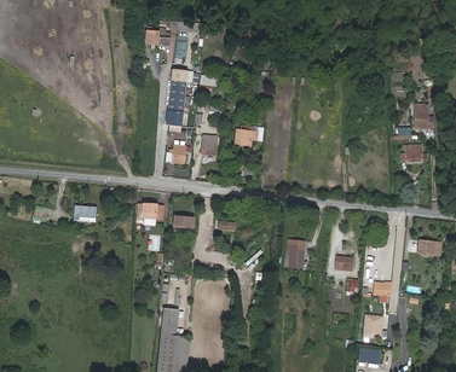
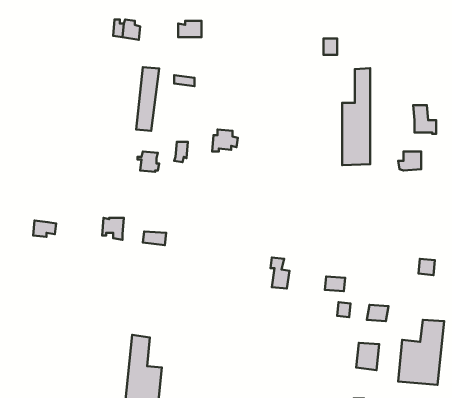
building: none -> [342,68,370,165]
building: none -> [398,320,444,385]

